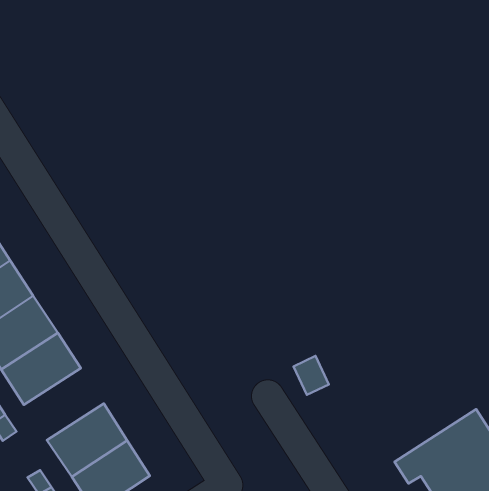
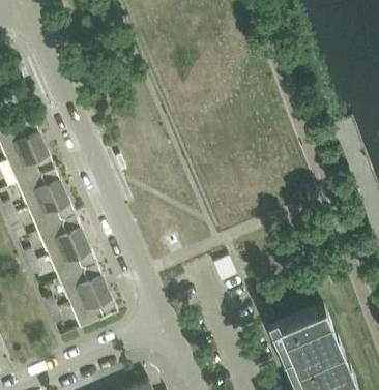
building: none -> [46,237,94,277]

